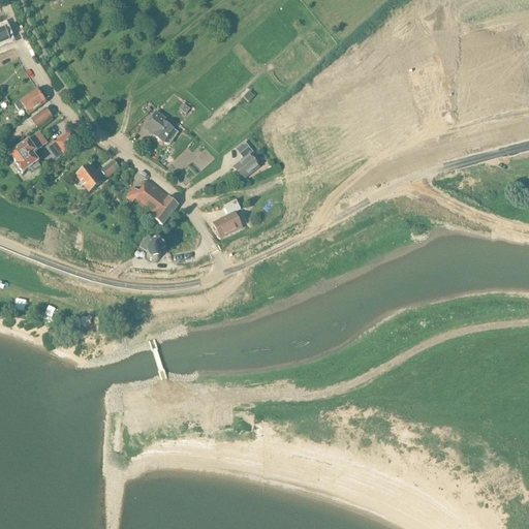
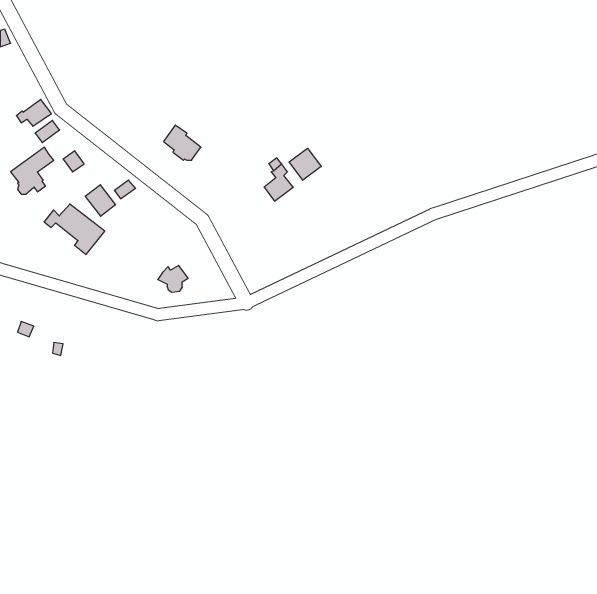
building: none -> [289,148,321,180]
building: [125,180,179,224] -> [44,204,105,254]
building: [213,199,242,237] -> none

